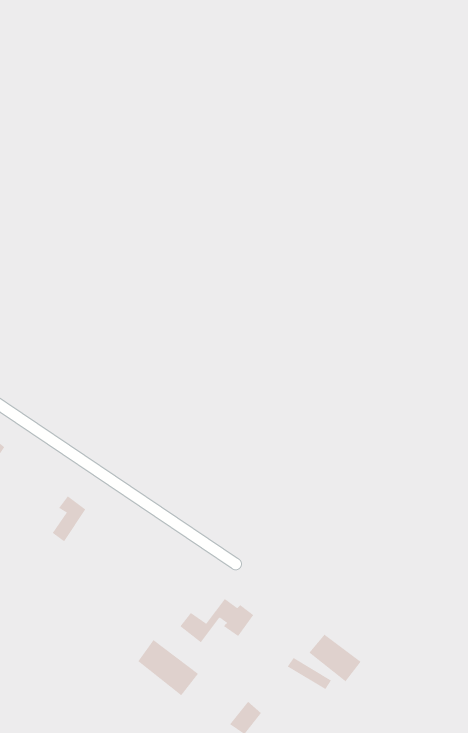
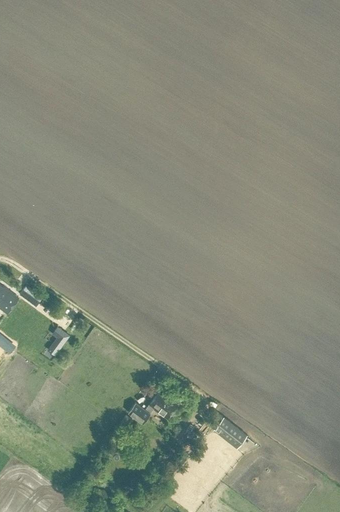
building: [137,639,199,696] -> none

